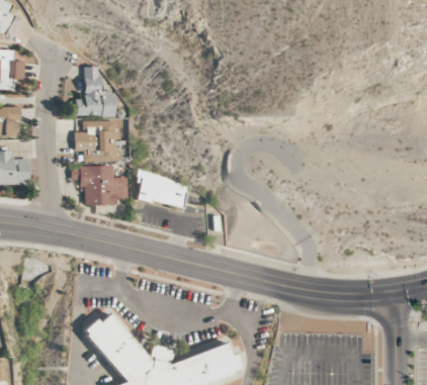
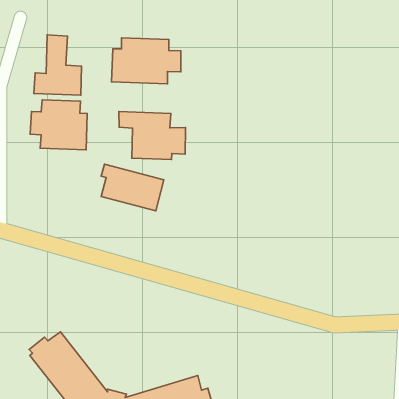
building: none -> [111,38,181,84]
building: [71,166,129,205] -> [119,111,186,159]

